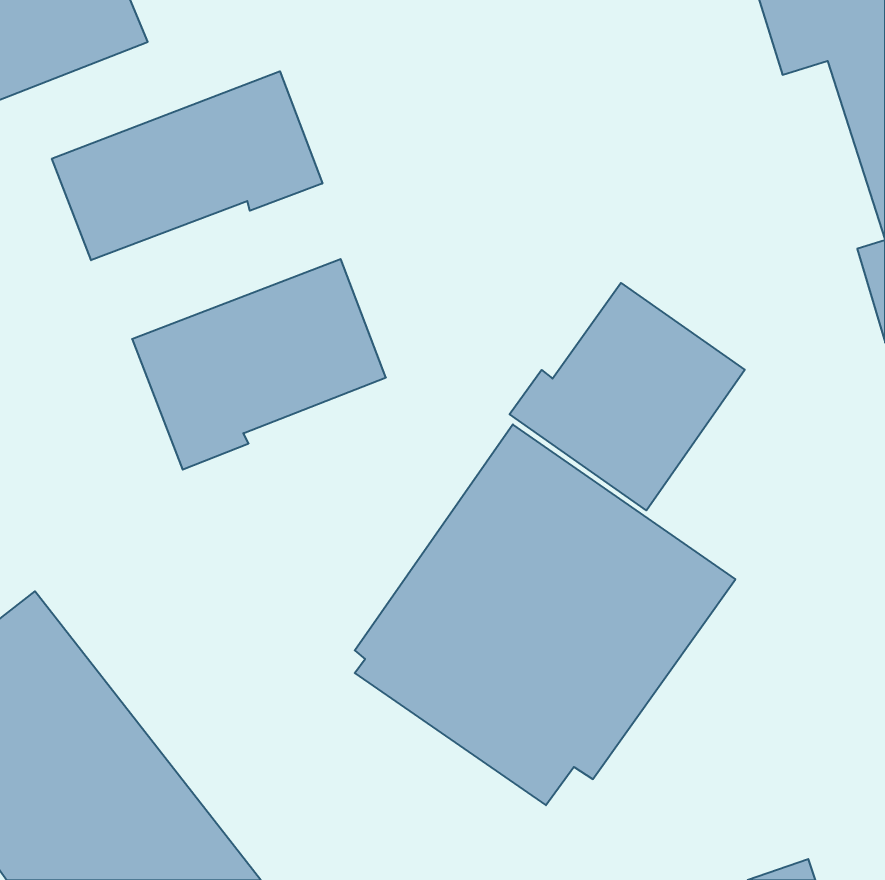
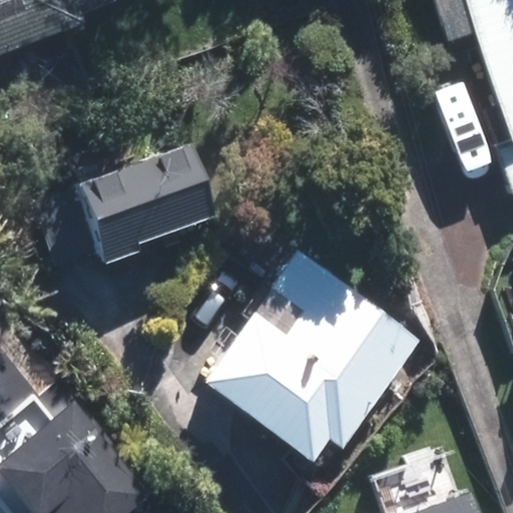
building: [52,71,322,260] -> none
building: [510,283,745,510] -> none

